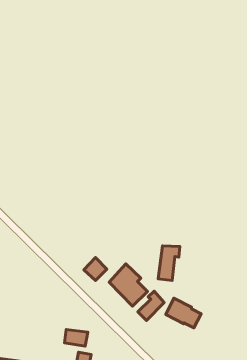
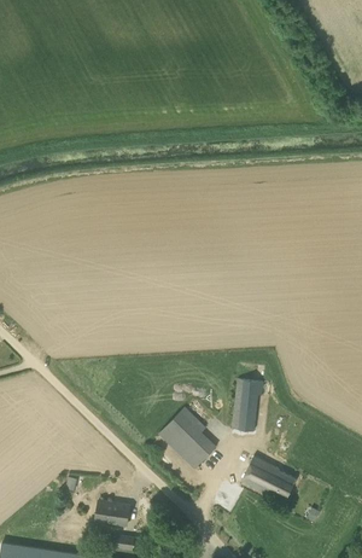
building: [84,258,107,280] -> none
building: [138,291,164,320] -> none

